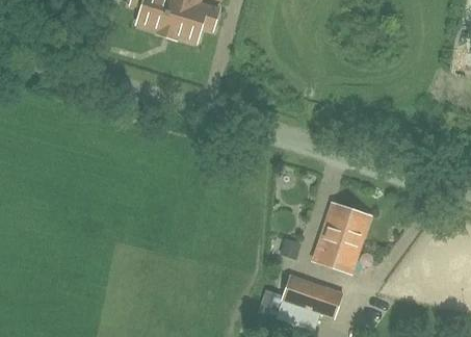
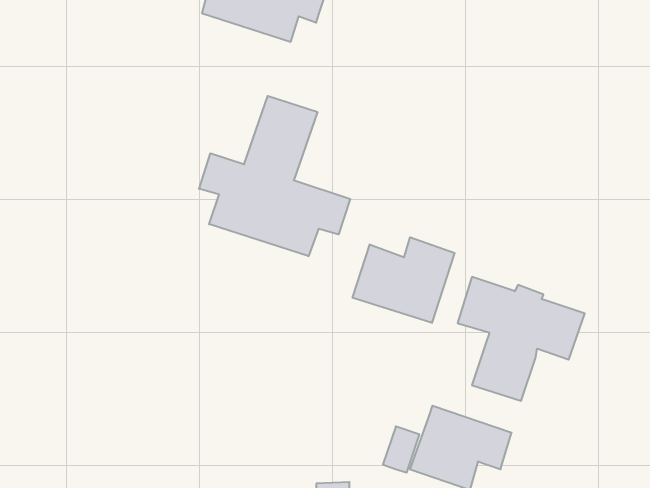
building: none -> [199,96,350,256]
building: none -> [353,237,455,323]

